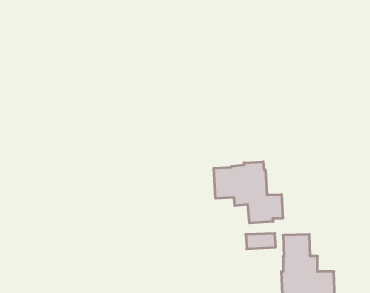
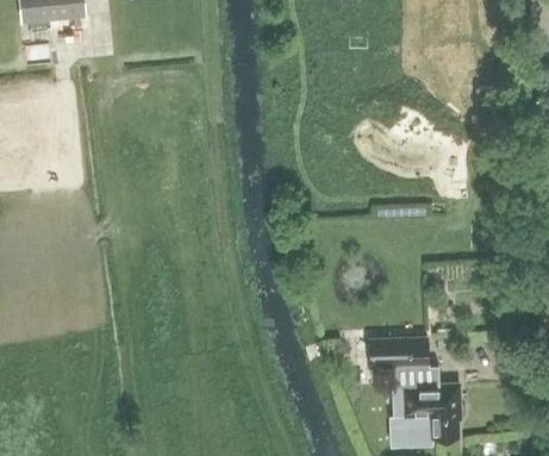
building: [214,162,283,223] -> none

